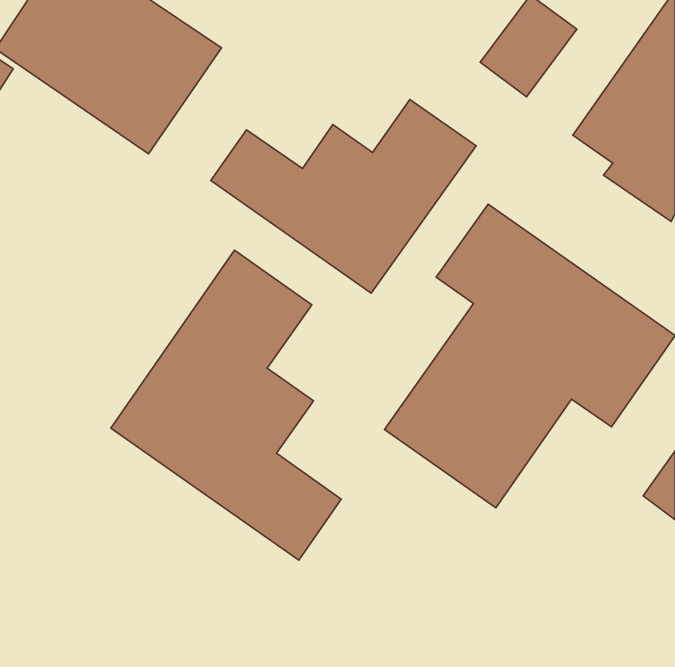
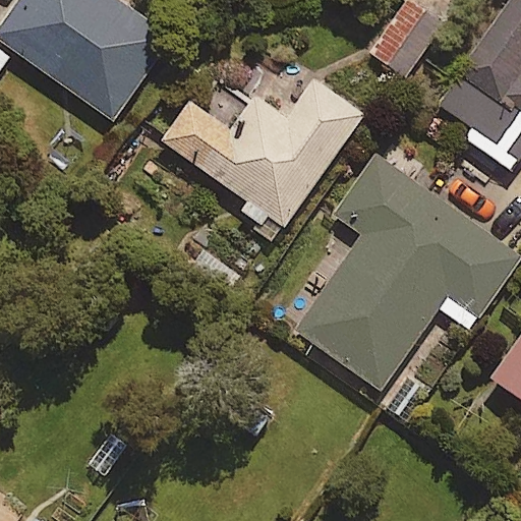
building: [111,250,341,560] -> none

